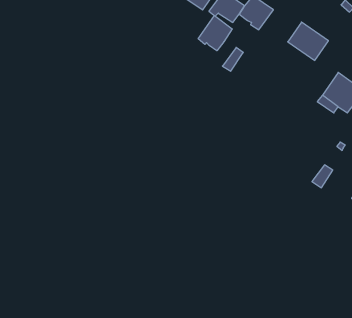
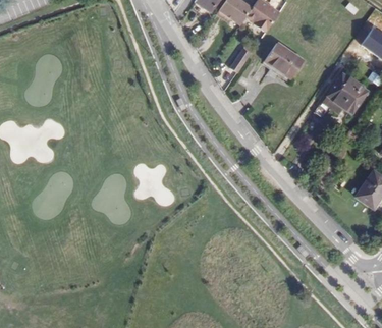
building: [198,16,232,51] -> none
building: [288,22,328,60] -> [265,41,305,78]

